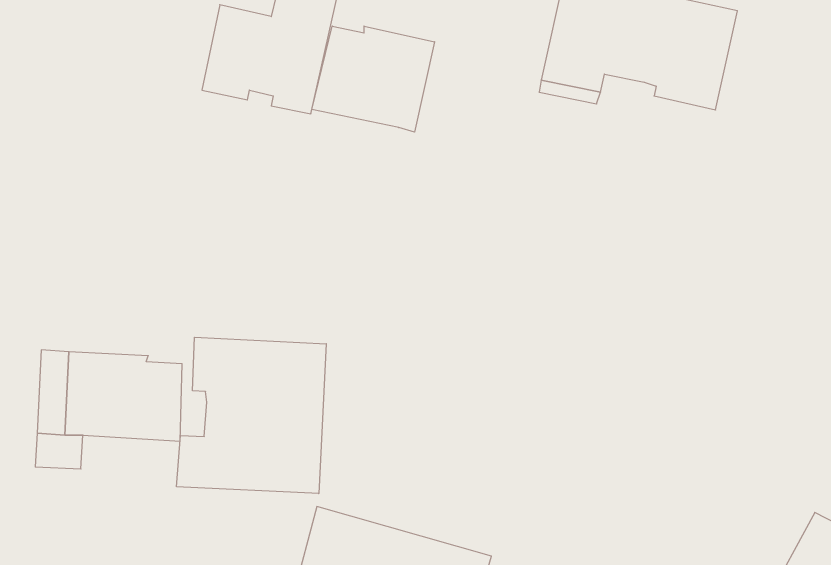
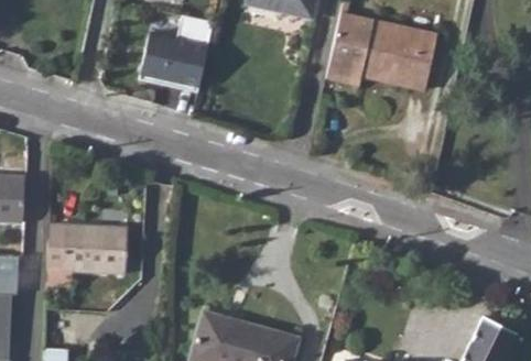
building: [312,26,435,132] -> none
building: [177,337,326,494] -> none

